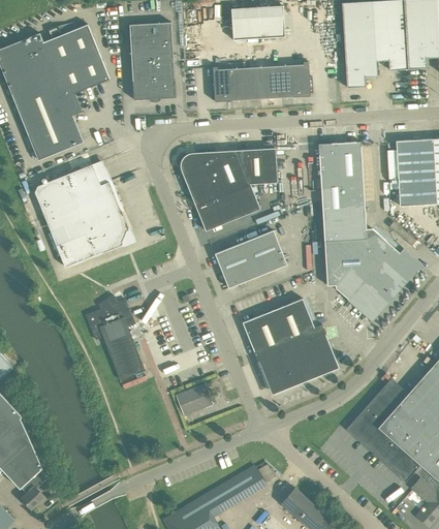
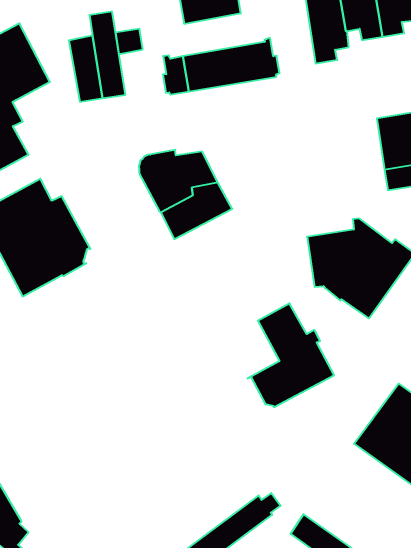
building: [128,23,151,43] -> [116,29,143,54]
building: [318,142,366,241] -> none
building: [238,148,277,184] -> none
building: [214,231,286,288] -> none
building: [86,297,146,380] -> none
building: [242,311,287,362] -> none
building: [177,384,213,415] -> none

